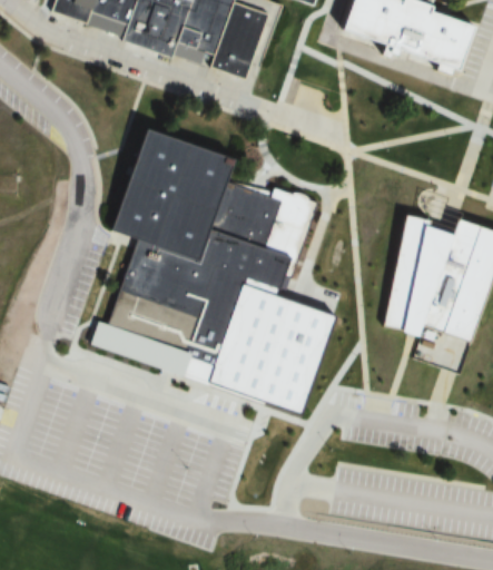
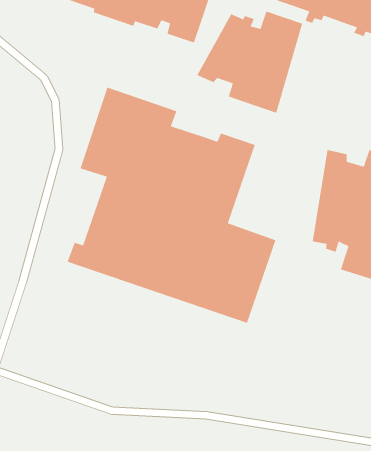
building: none -> [196,10,303,114]

